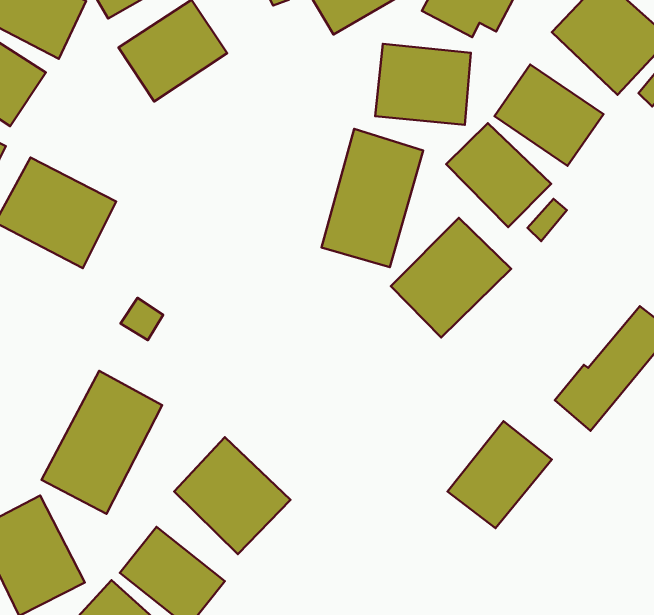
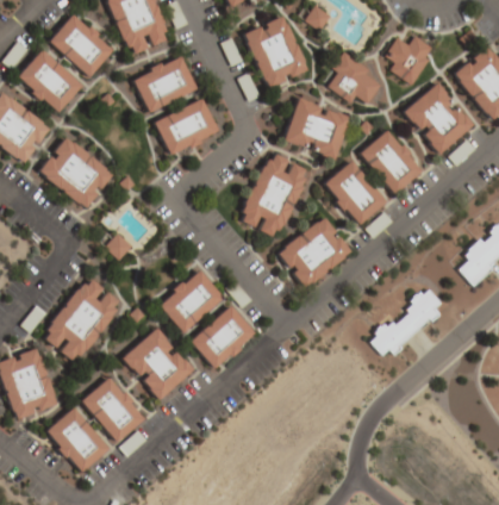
building: none -> [155,99,219,155]
building: none -> [158,269,224,336]
building: [448,421,552,528] -> [189,305,257,370]

